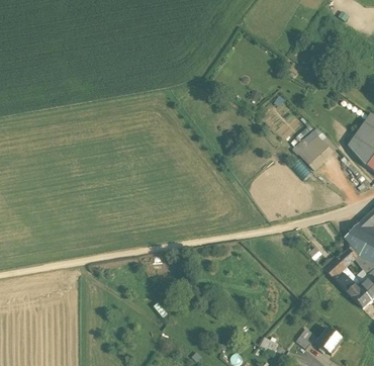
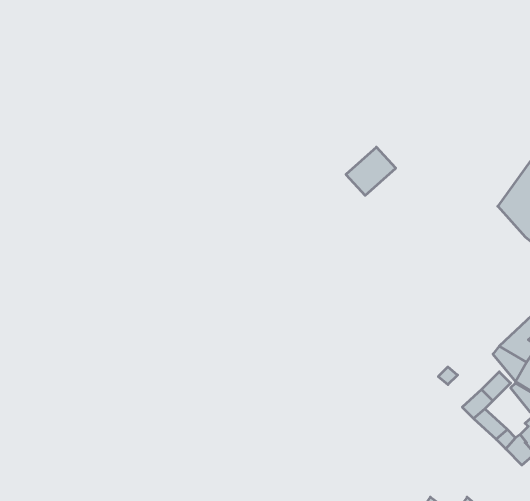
building: [298,136,330,167] -> [346,147,396,195]

